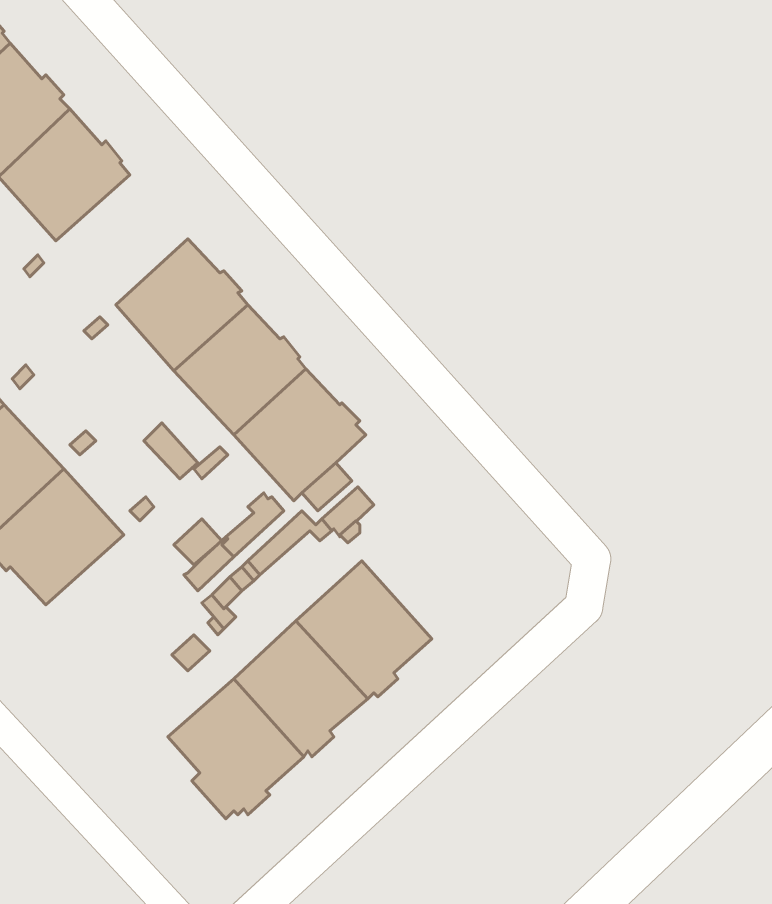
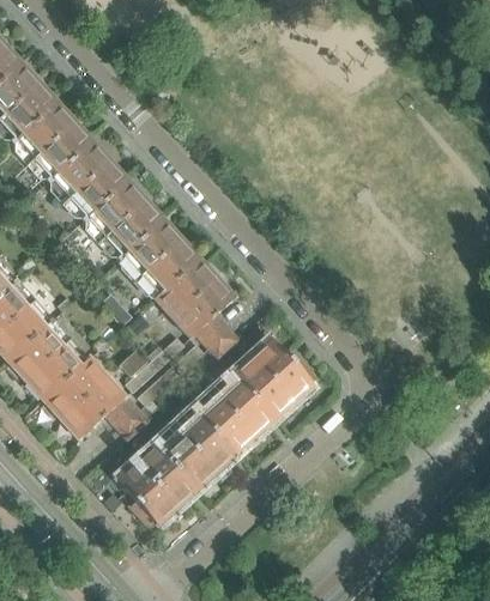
building: none -> [47,140,126,218]
building: none -> [230,336,314,418]
building: none -> [41,356,134,437]

